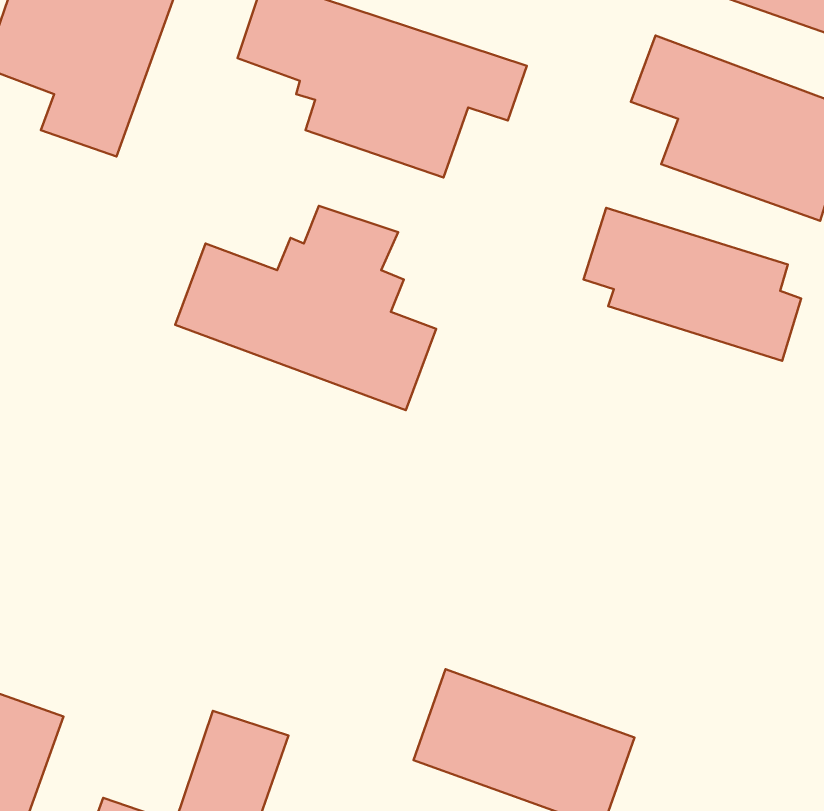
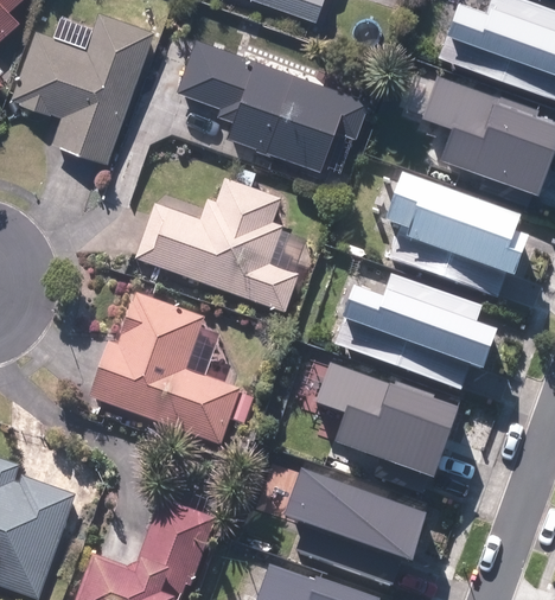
building: none -> [89,291,243,443]
building: none -> [343,291,506,379]
building: none -> [319,374,471,486]

